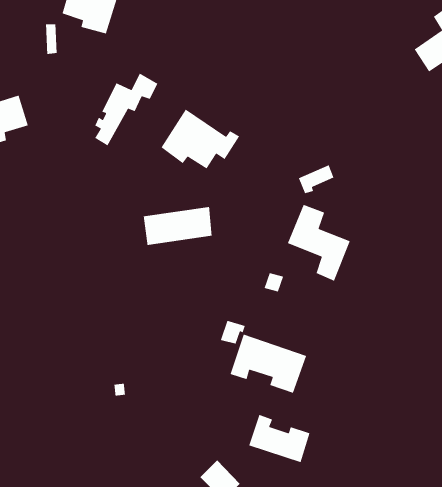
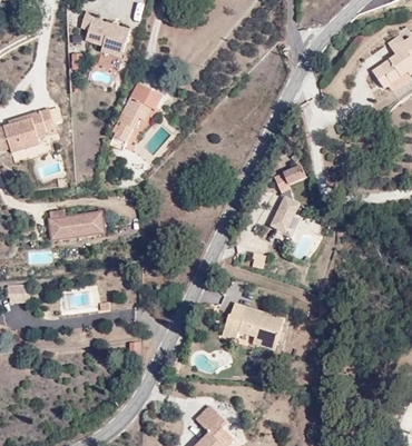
building: [160,108,240,169] -> none
building: [143,206,212,246] -> [49,209,106,241]
building: [248,414,310,463] -> none

